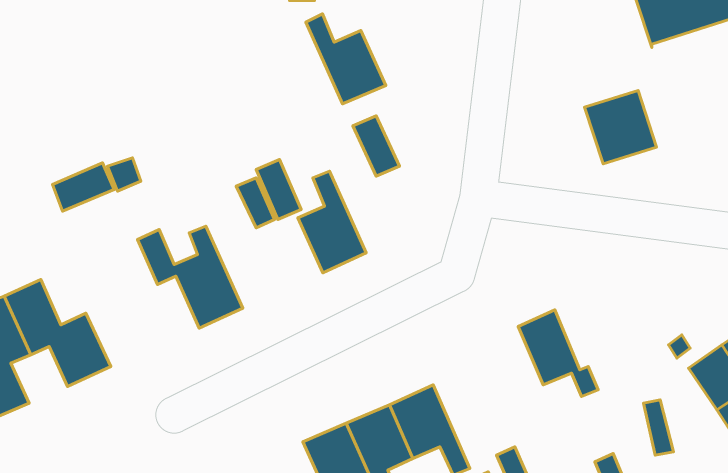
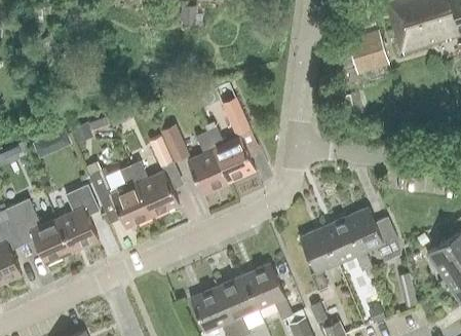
building: [306,14,386,104] -> [206,126,256,182]
building: [585,90,656,164] -> [346,31,390,76]
building: none -> [130,160,180,216]
building: none -> [56,184,100,252]
building: none -> [345,208,398,261]
building: none -> [300,227,338,291]

